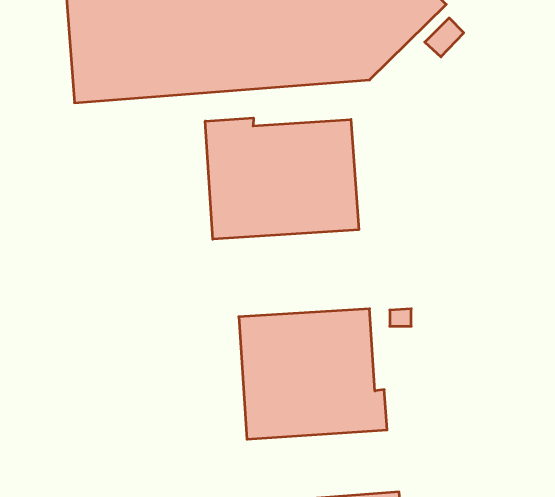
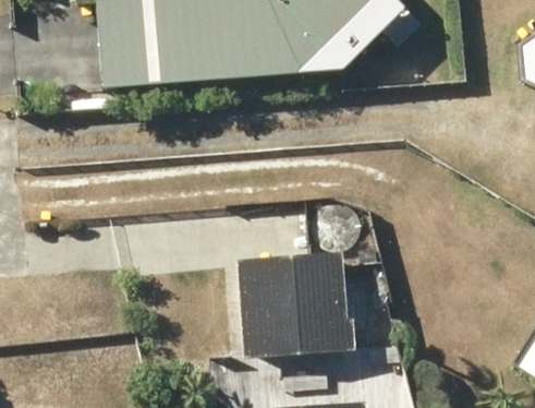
building: [205,118,359,239] -> none

